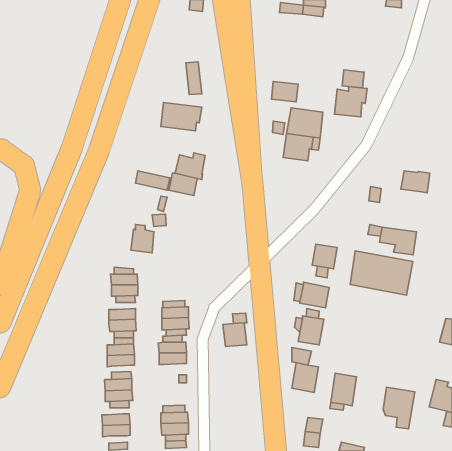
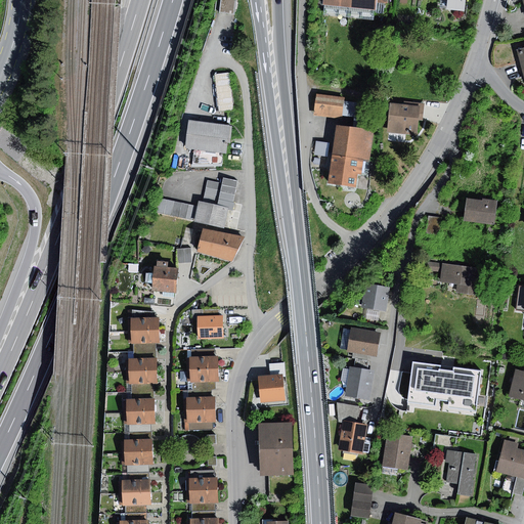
building: [342,70,364,88] -> none
building: none -> [198,228,245,261]
building: [350,251,413,295] -> [408,358,481,409]
building: none -> [198,314,223,338]
building: none -> [259,422,293,475]

